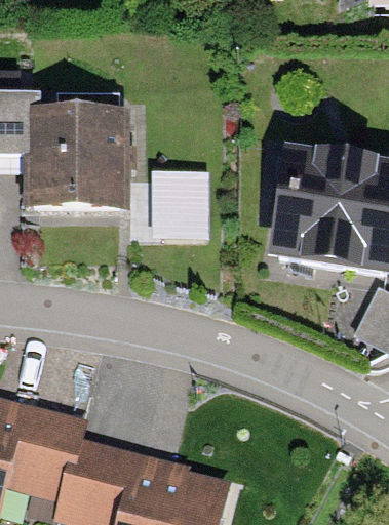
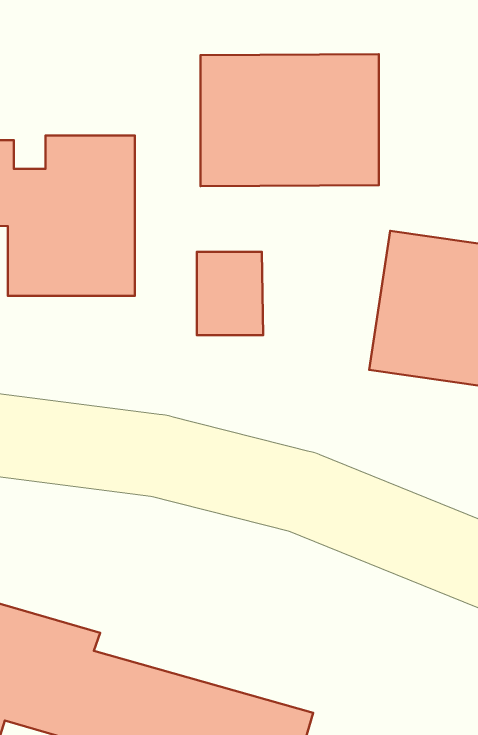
building: none -> [200,54,379,186]

